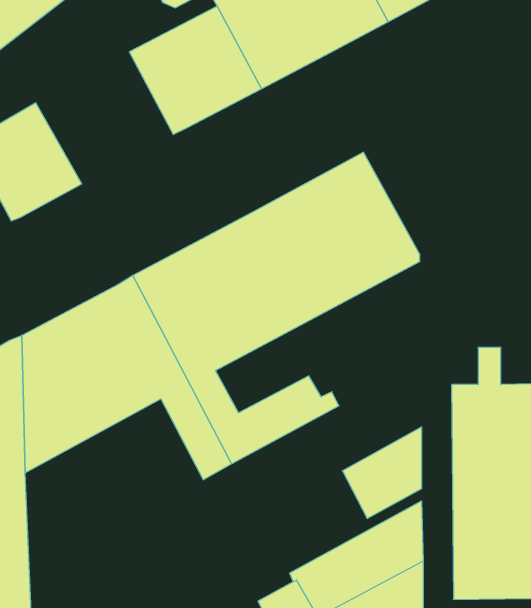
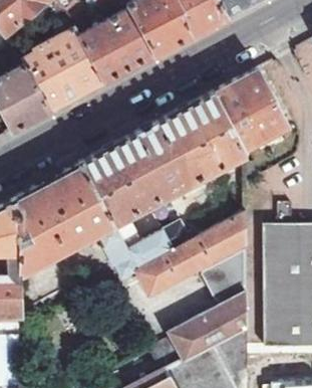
building: none -> [20,29,102,114]
building: none -> [211,71,288,154]
building: none -> [135,215,244,297]

